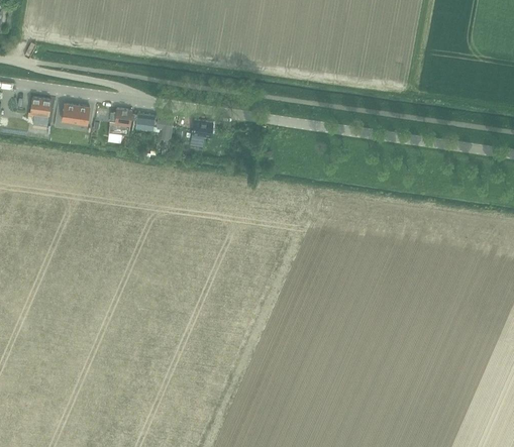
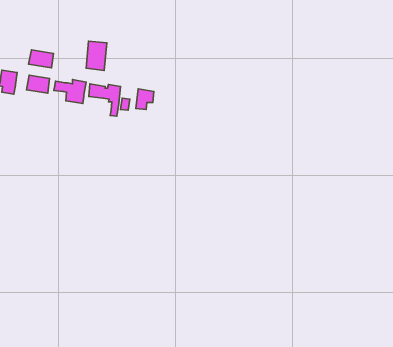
building: none -> [86,41,107,71]
building: none -> [28,50,53,68]

